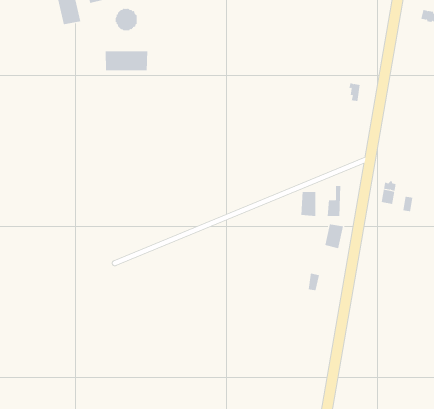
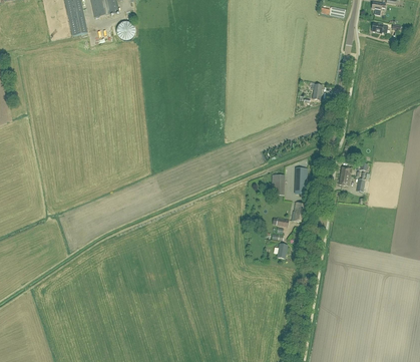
building: [105,51,148,71] -> none

